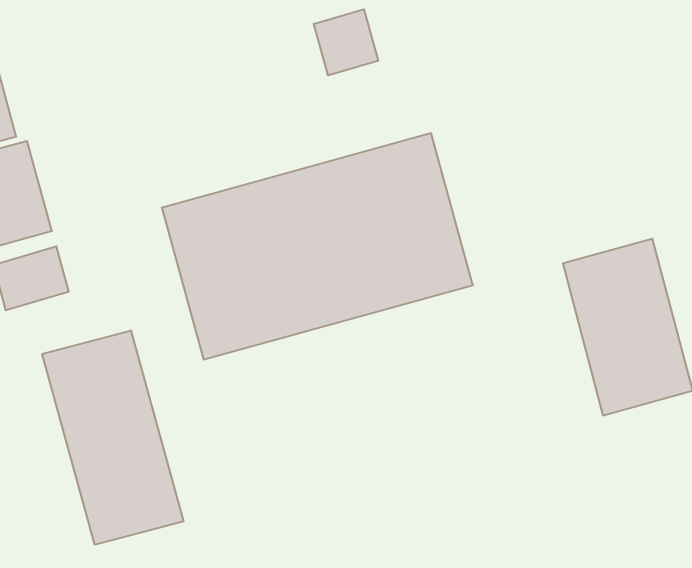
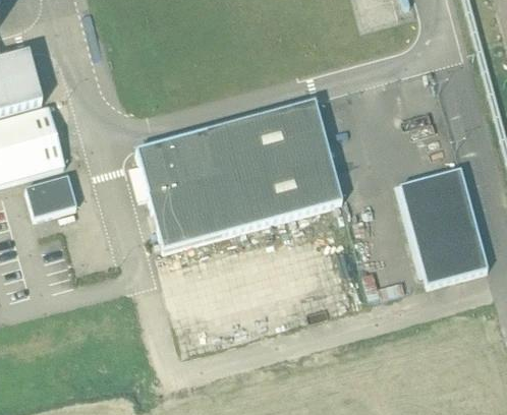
building: [314,9,378,75] -> none
building: [42,330,183,545] -> none

